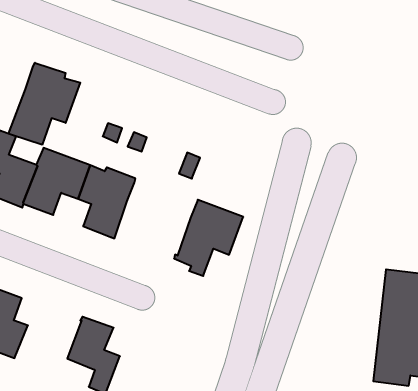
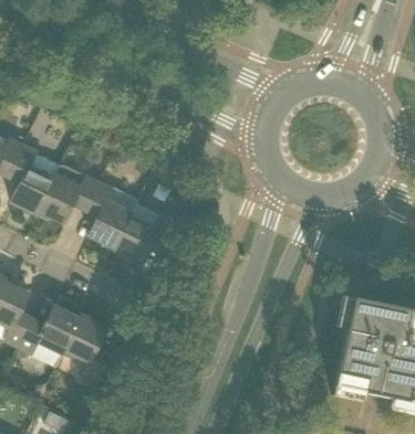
building: [9,63,80,145] -> none
building: [174,200,243,276] -> [111,199,175,266]
building: none -> [17,294,82,363]

